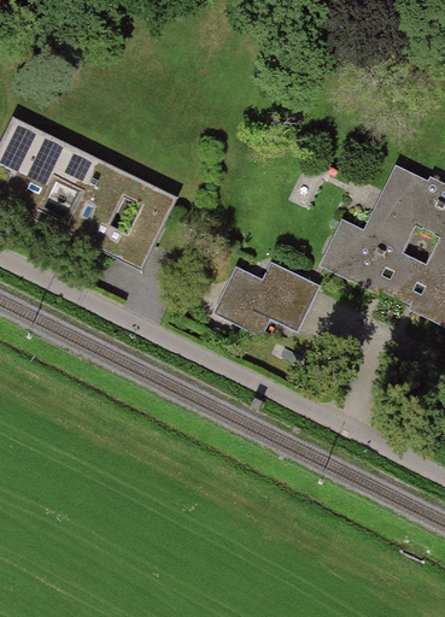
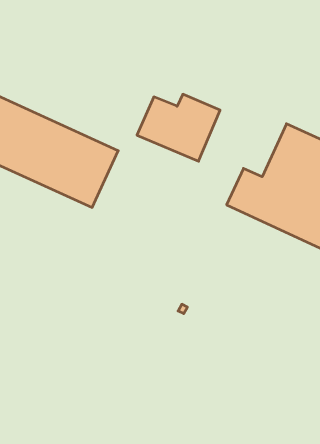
building: [223,258,330,345] -> [137,94,220,161]

